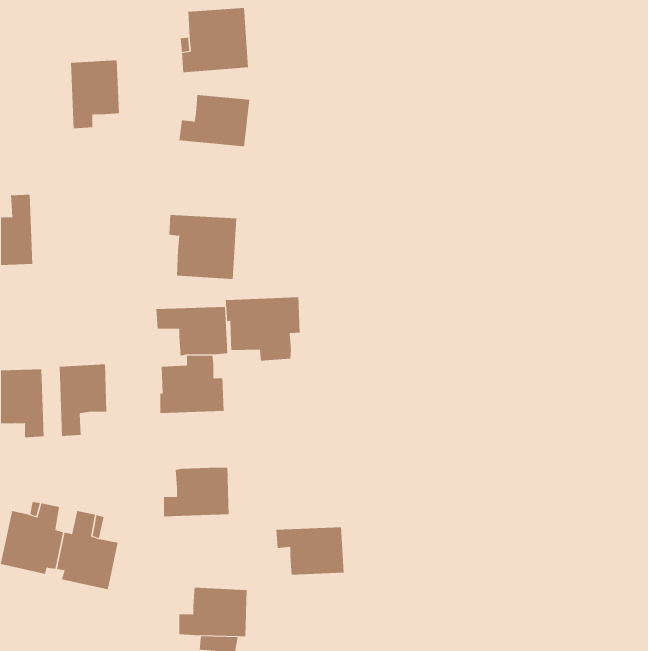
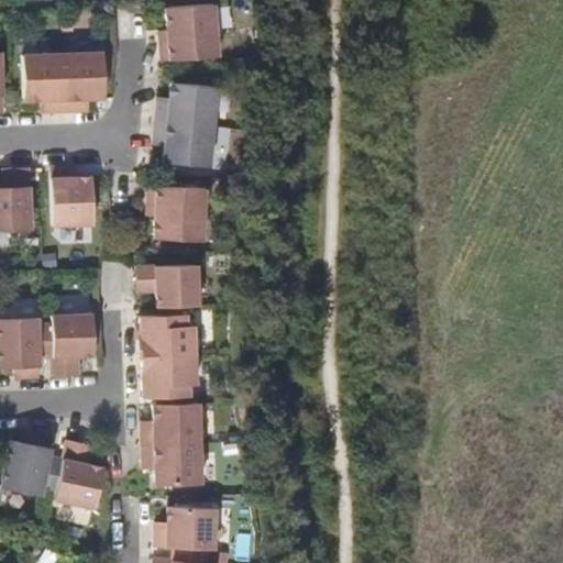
building: none -> [24,55,66,112]
building: none -> [156,122,214,167]
building: none -> [52,167,96,227]
building: [225,297,300,361] -> none
building: none -> [141,355,198,405]
building: [276,527,344,575] -> [144,444,203,486]

